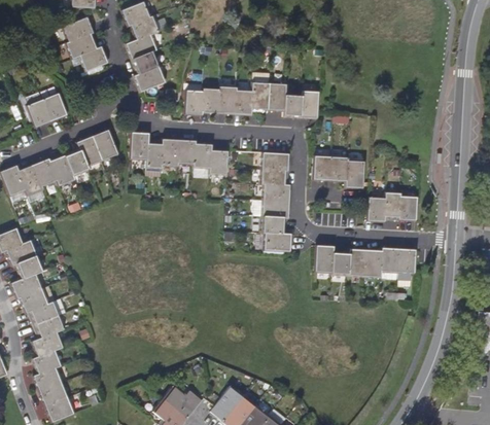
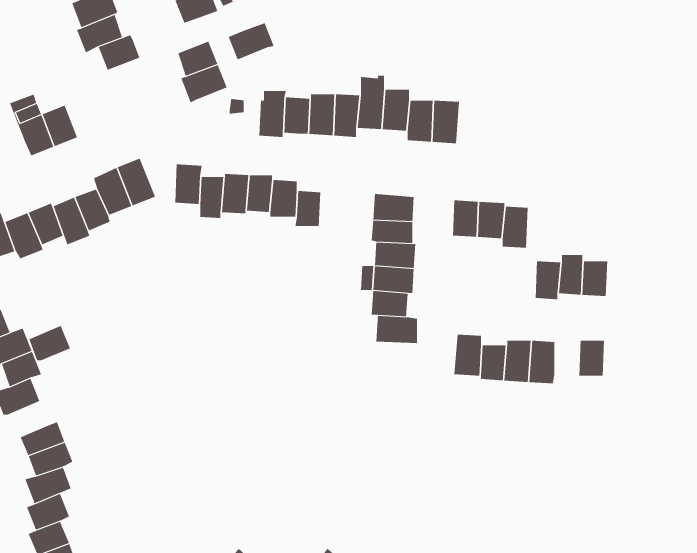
building: [126,35,156,60] -> [228,23,274,60]
building: [381,248,397,273] -> none
building: [20,289,47,313] -> [29,325,71,361]

